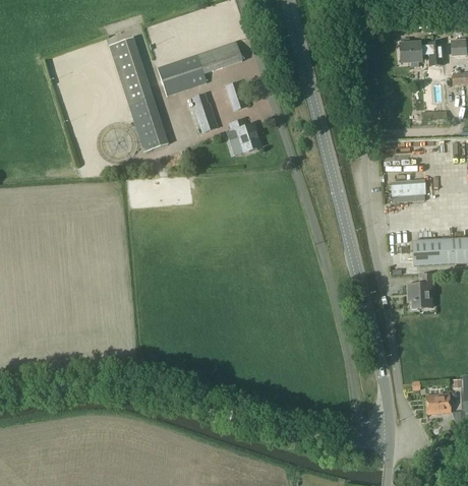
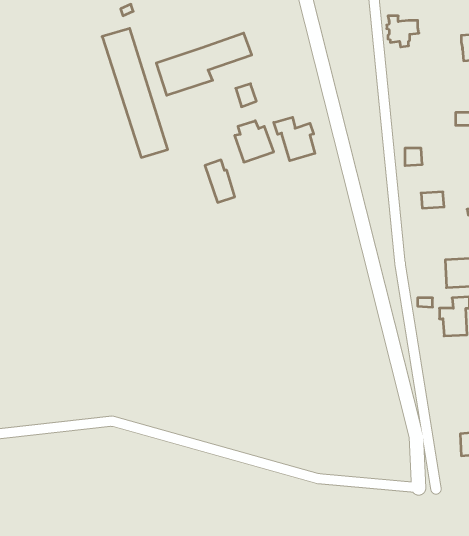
building: [400,39,428,66] -> [387,16,419,47]
building: [191,94,218,131] -> [205,160,235,202]
building: none -> [274,117,315,161]

